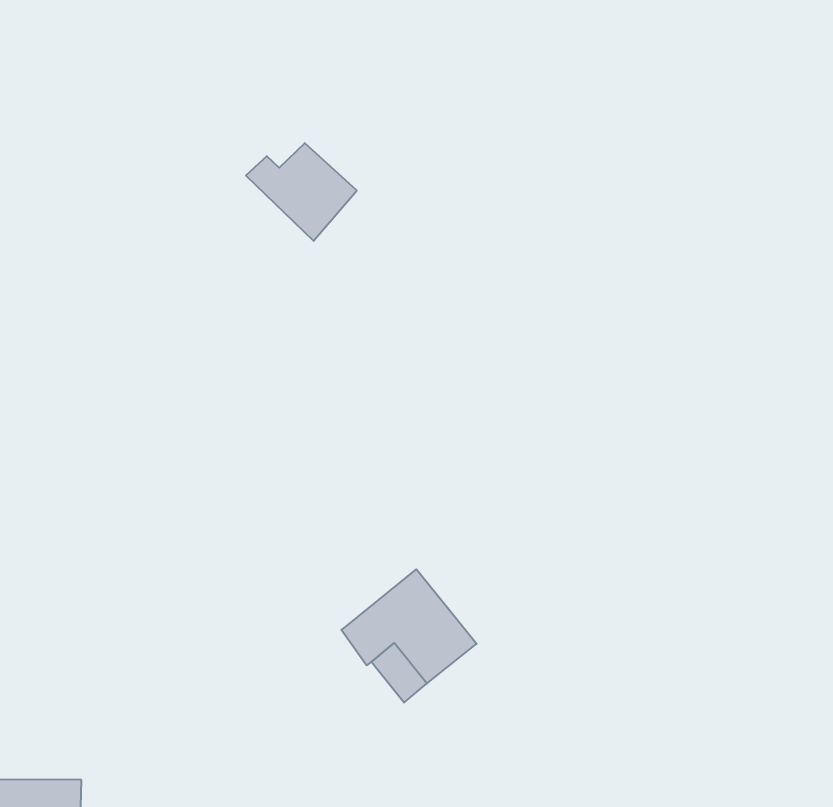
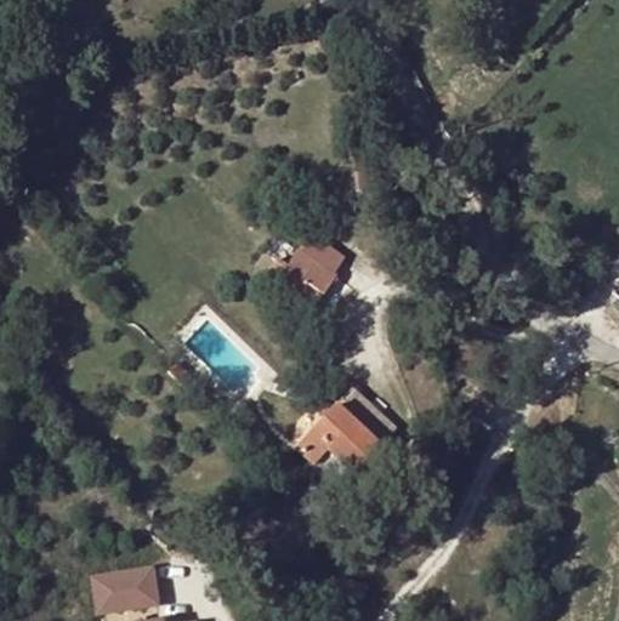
building: [246,143,357,241] -> [271,249,339,307]

